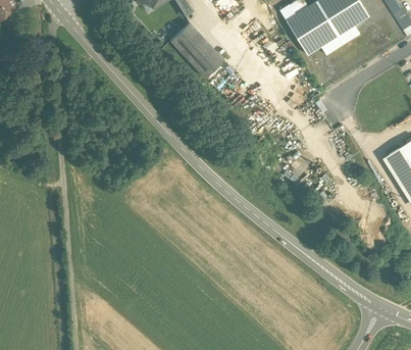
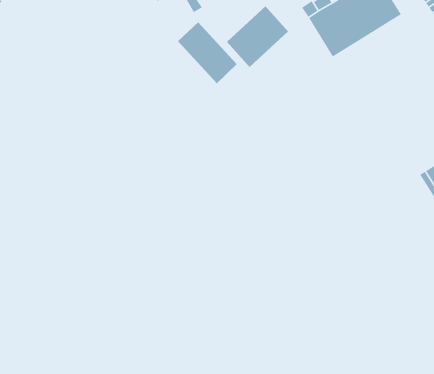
building: none -> [226,5,289,68]

